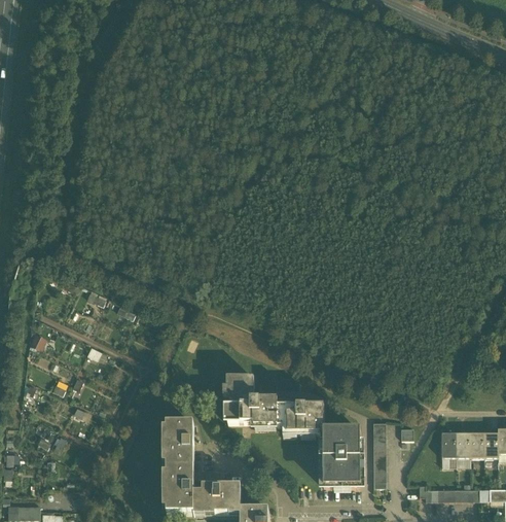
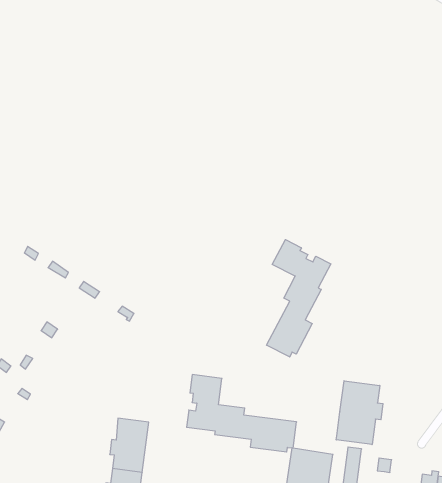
building: none -> [267,240,331,357]
building: none -> [336,381,383,445]

